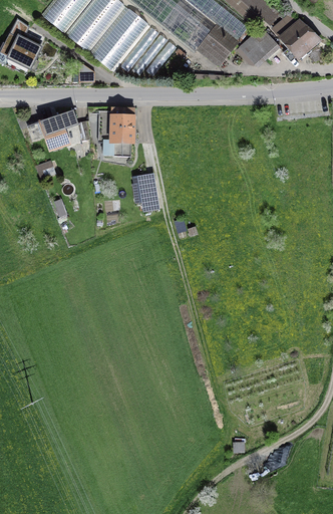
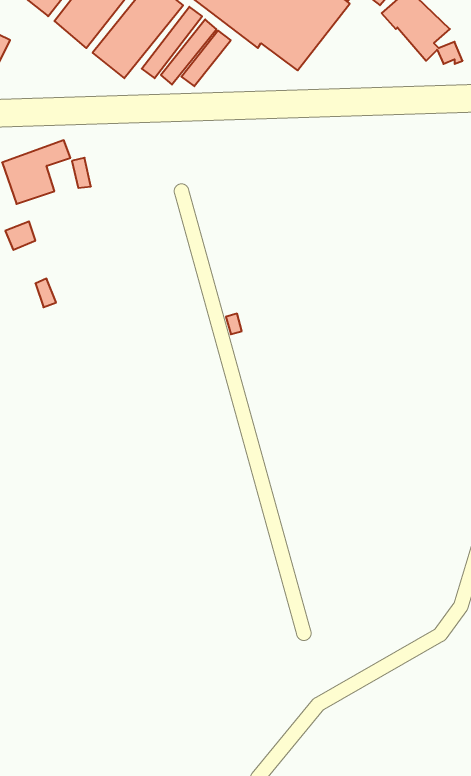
building: [241,27,276,62] -> none
building: [102,108,130,151] -> none
building: [133,179,157,211] -> none

